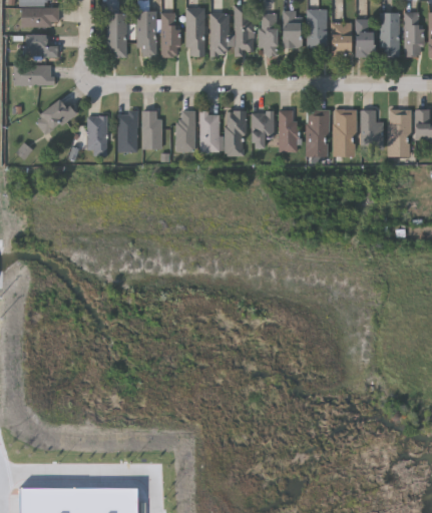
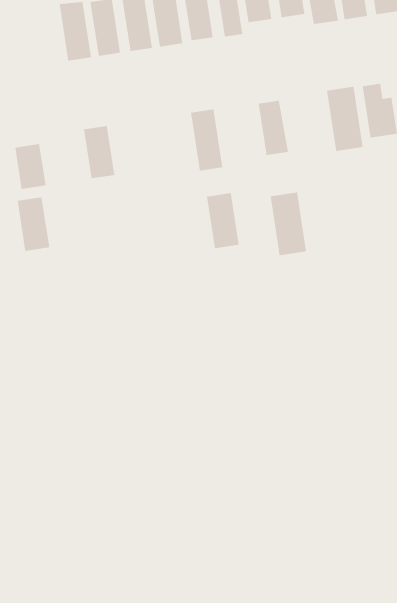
building: [107,13,126,58] -> none
building: [176,110,194,152] -> none
building: [306,110,328,157] -> [270,192,307,256]
building: [199,111,220,152] -> [206,193,240,249]
building: [117,112,137,152] -> [17,197,50,252]
building: [251,112,273,148] -> none

